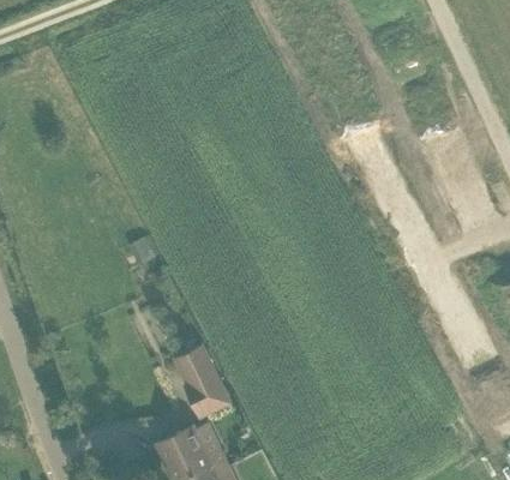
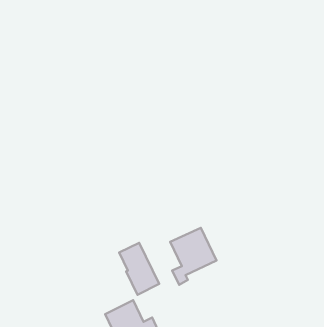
building: none -> [170,228,217,285]

